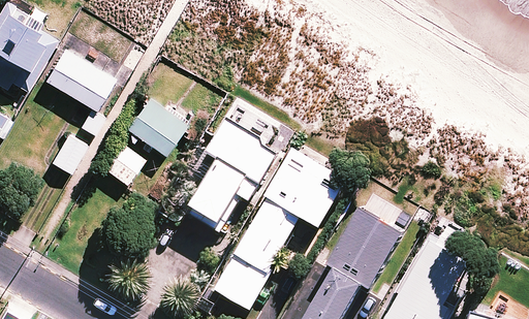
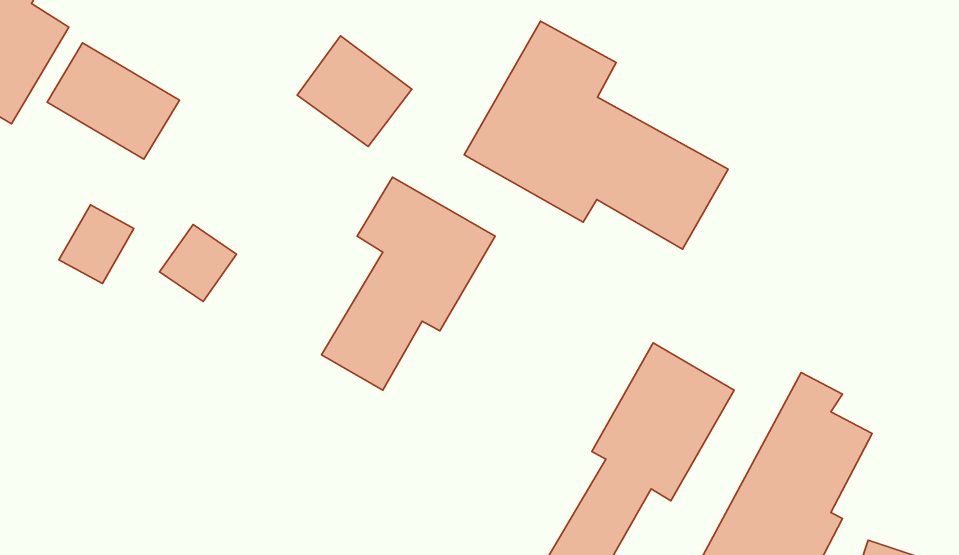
building: none -> [464,21,728,249]
building: [124,97,184,155] -> [297,36,412,146]
building: [213,148,345,309] -> none

